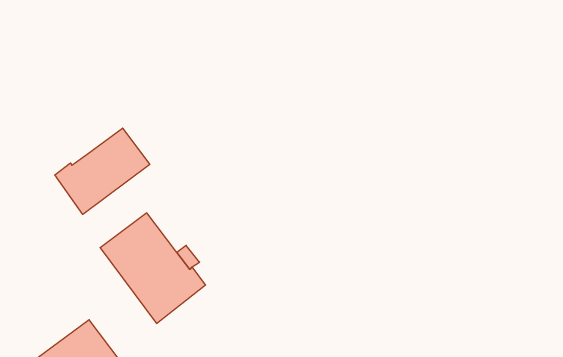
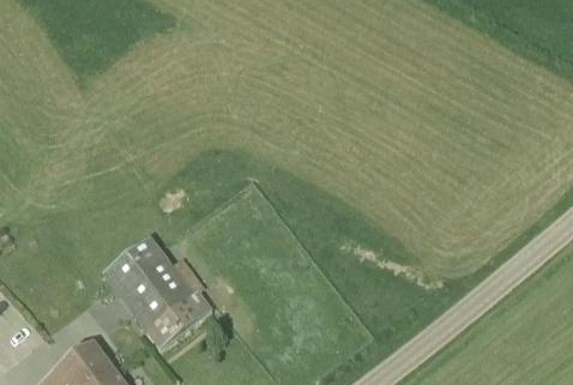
building: [55,128,150,214] -> none

